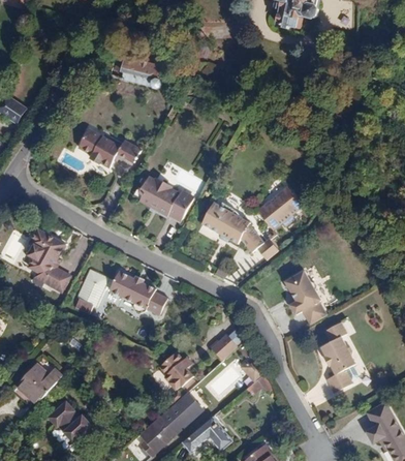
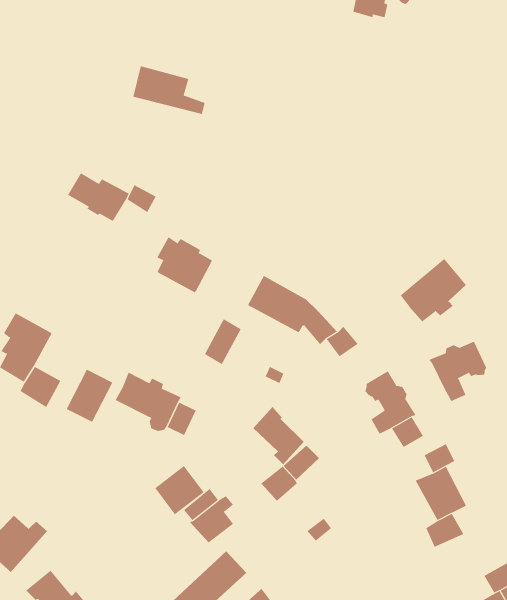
building: [255,185,302,229] -> [400,258,467,322]
building: [166,189,192,221] -> [204,319,241,365]
building: none -> [429,341,487,402]
building: none -> [253,406,304,465]
building: none -> [154,465,204,515]

